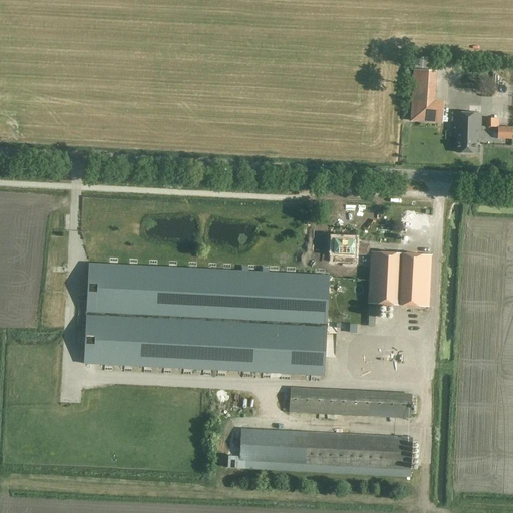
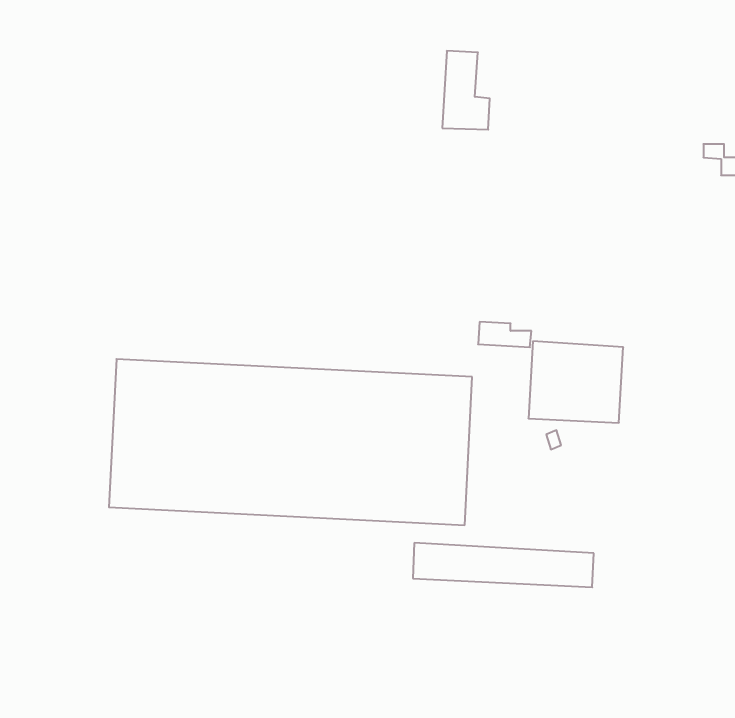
building: [411,70,443,123] -> [442,51,490,130]
building: [453,111,481,153] -> none
building: [239,428,412,468] -> none

